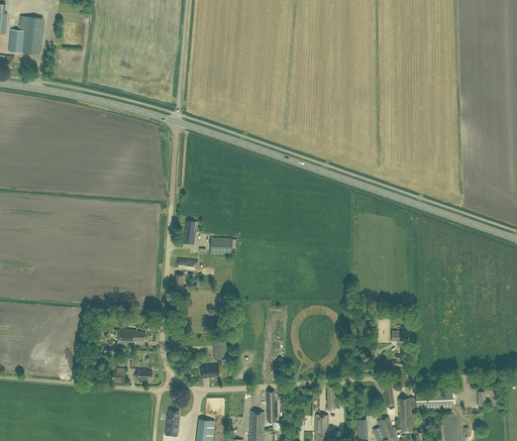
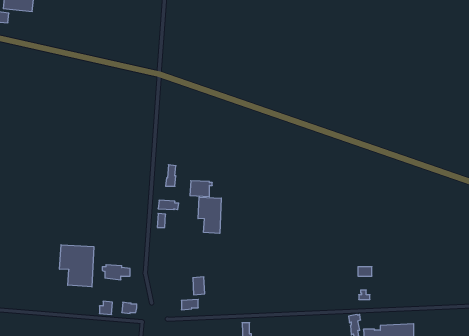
building: none -> [198,197,221,233]
building: none -> [60,245,94,287]

